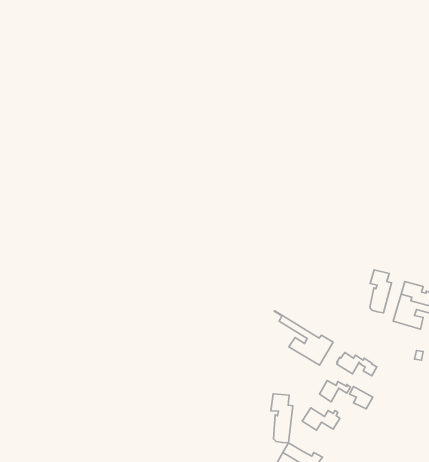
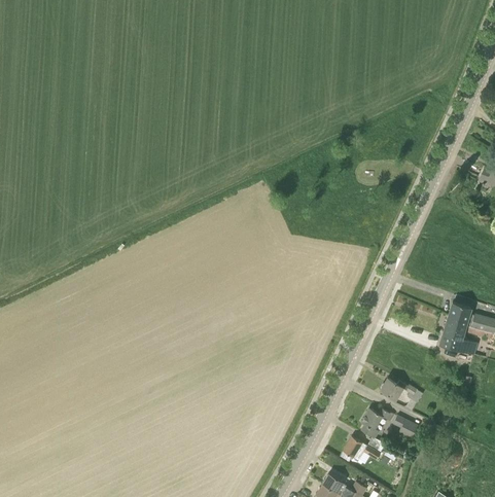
building: [370,270,391,313] -> none
building: [274,311,333,365] -> none
building: [271,394,293,443] -> none

